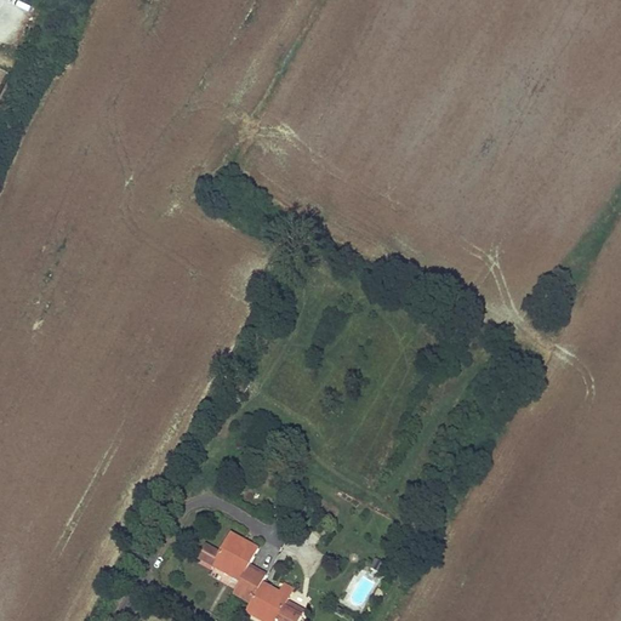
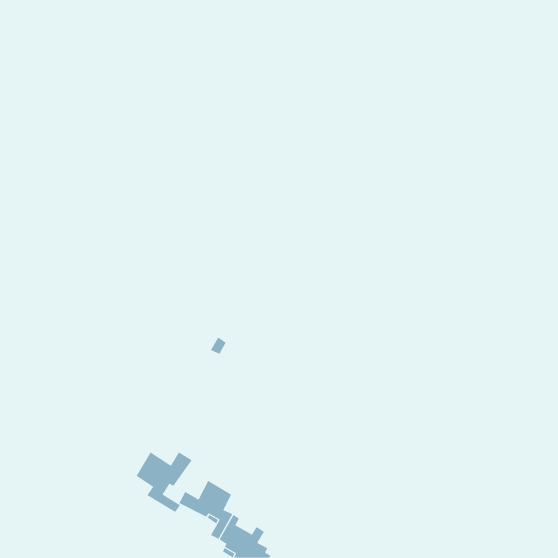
building: none -> [136,451,192,513]

